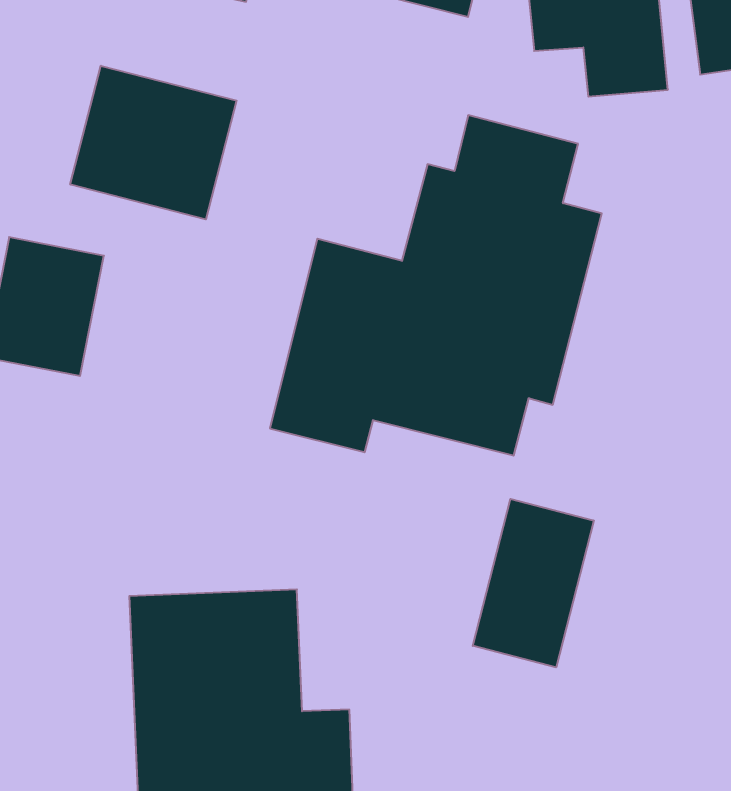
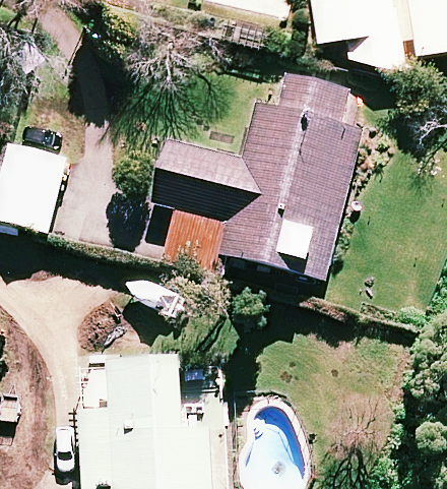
building: [70,66,237,219] -> none
building: [473,499,594,667] -> none

